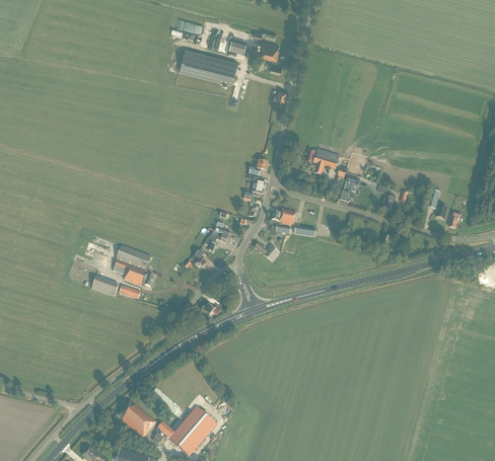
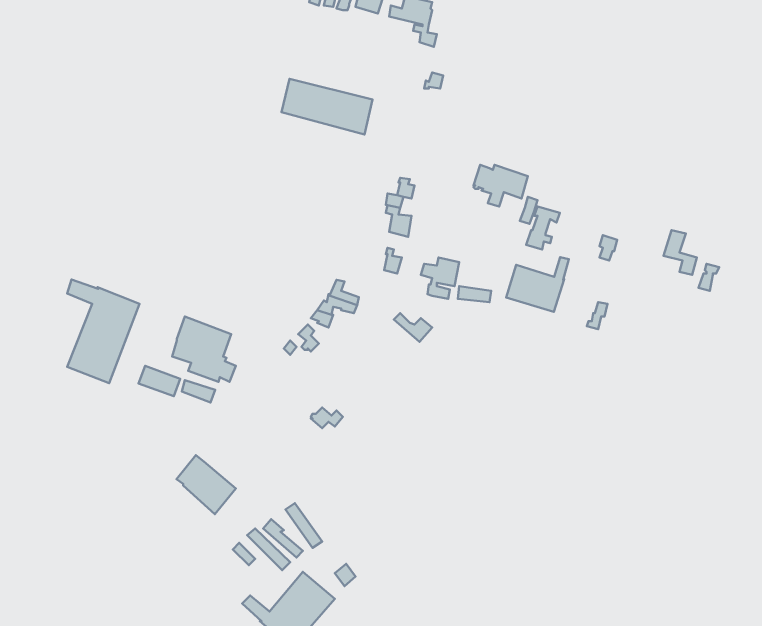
building: [180,48,237,83] -> [281,79,372,135]
building: none -> [506,257,569,312]
building: none -> [67,280,139,383]
building: [119,399,156,437] -> [177,455,236,514]

